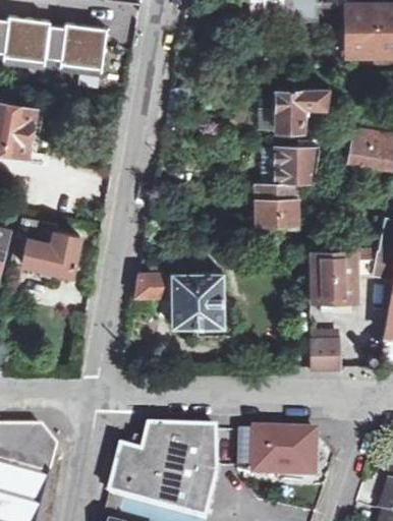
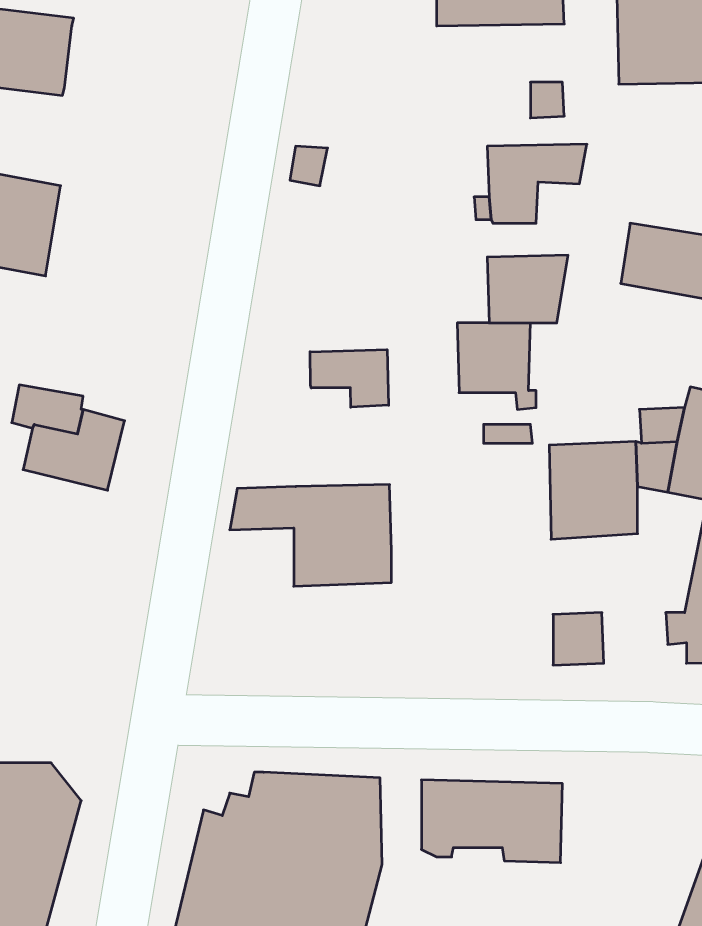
building: [46,23,108,71] -> none
building: none -> [310,350,389,407]

